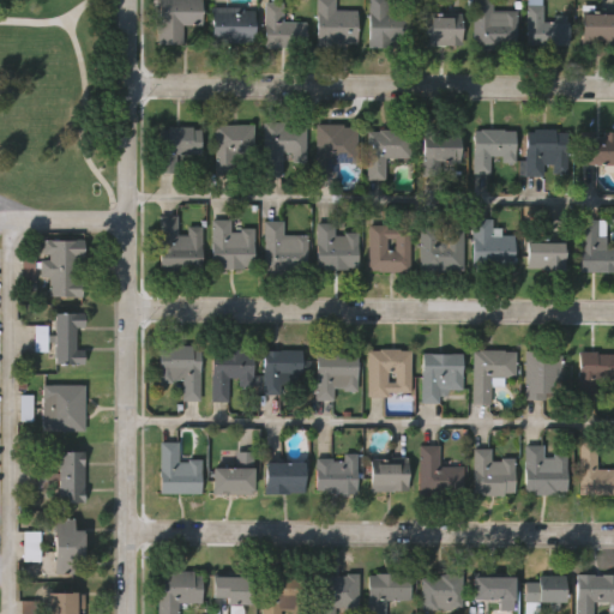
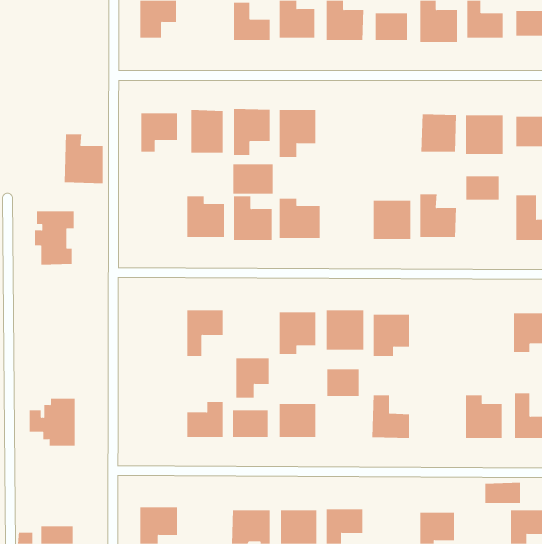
building: [211,6,254,42] -> none
building: [368,130,413,180] -> none
building: [425,130,459,175] -> none
building: none -> [233,163,273,194]
building: [159,216,204,272] -> [64,134,103,184]
building: [371,224,413,271] -> none
building: [528,242,566,270] -> [465,176,499,200]
building: [36,309,89,365] -> none
building: [161,345,201,399] -> none
building: [265,349,303,395] -> [235,358,270,398]
building: [475,350,518,403] -> none
building: [526,351,564,399] -> none
building: [44,381,88,428] -> none
building: [161,443,201,493] -> none
building: [475,449,516,495] -> none
building: [372,459,409,490] -> [326,369,359,396]
building: [56,516,88,572] -> none
building: [25,530,44,561] -> none
building: [422,574,464,608] -> none
building: [212,577,252,603] -> none
building: [525,578,566,602] -> [485,482,521,504]

